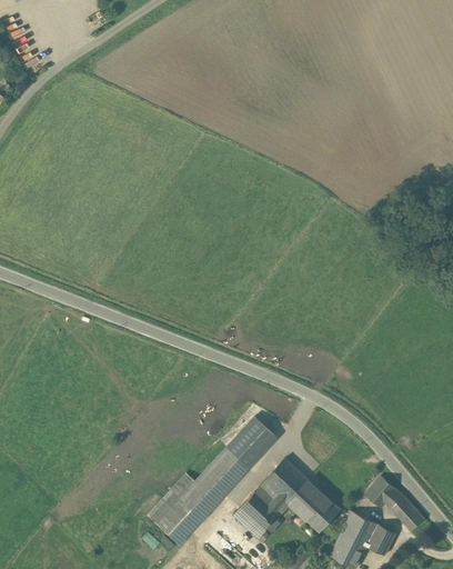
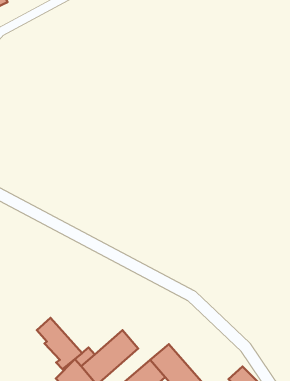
building: [233,409,286,470] -> none
building: none -> [37,318,82,369]

